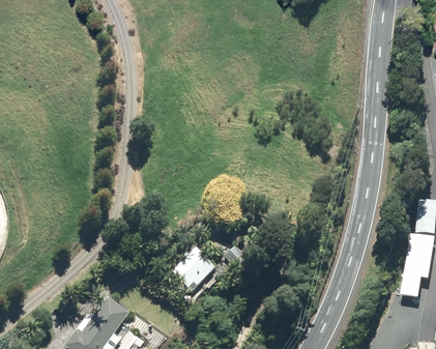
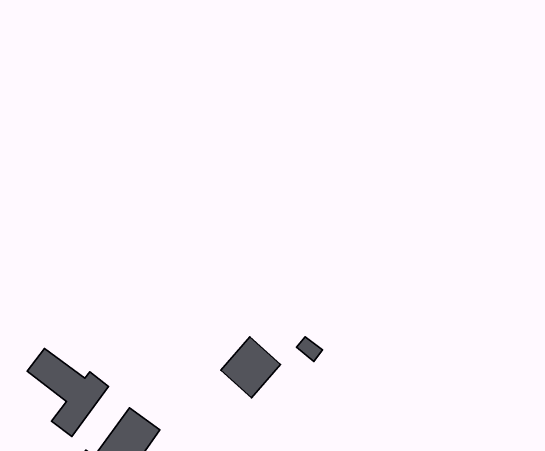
building: none -> [27,348,109,437]

